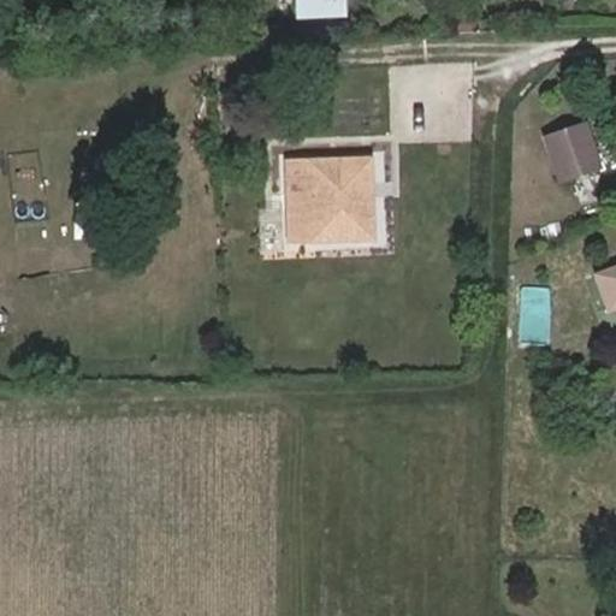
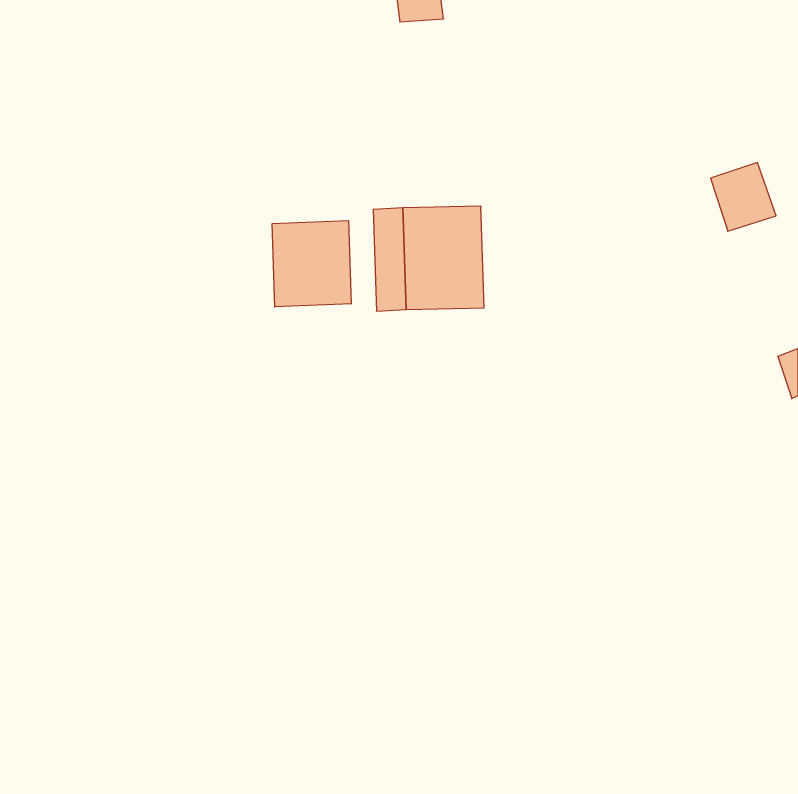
building: none -> [272,221,351,307]

